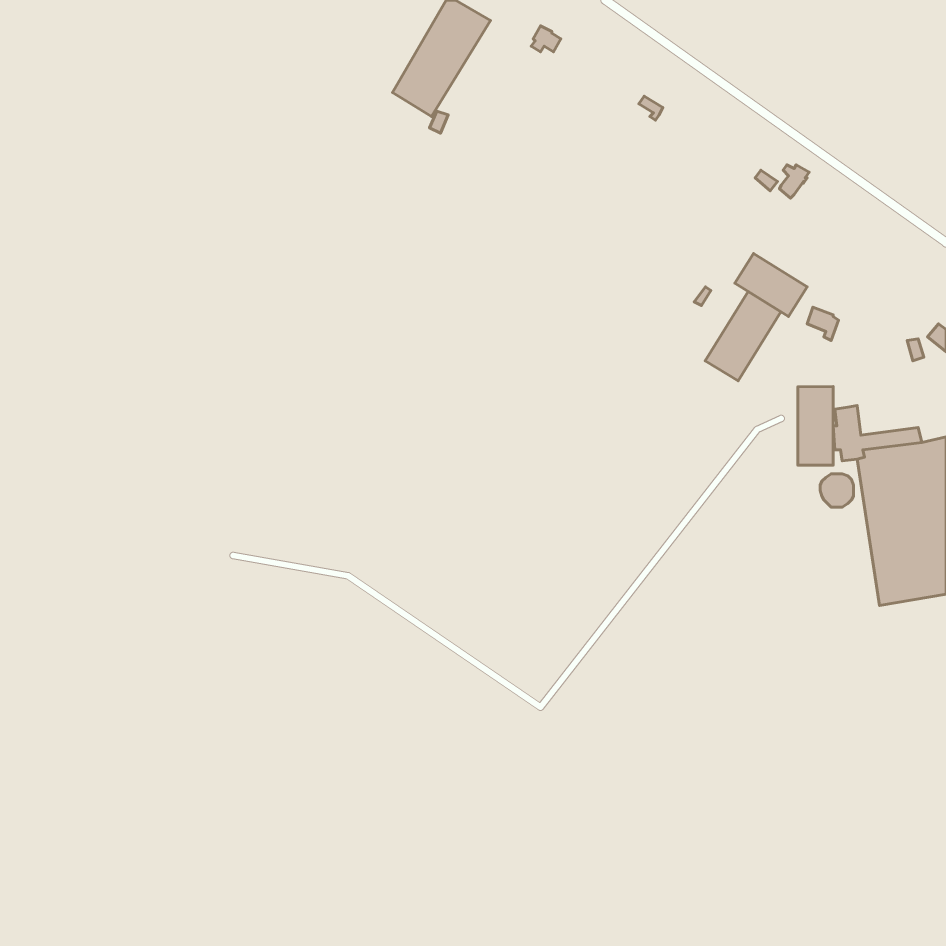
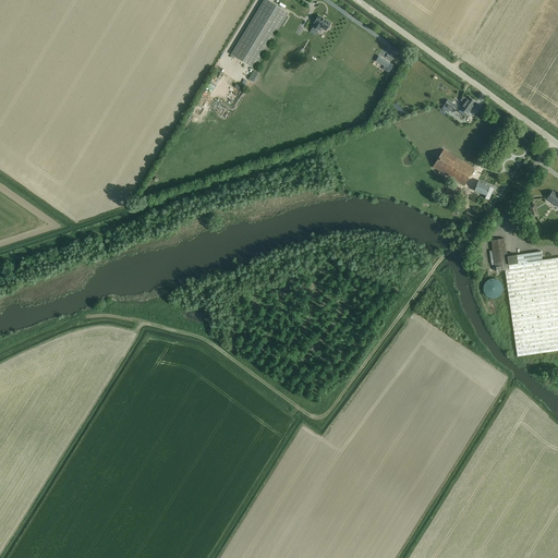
building: [705,292,781,381] -> none
building: [798,387,833,465] -> none

